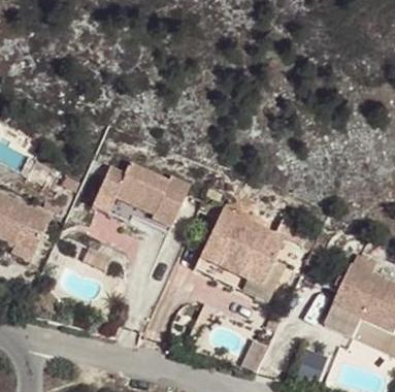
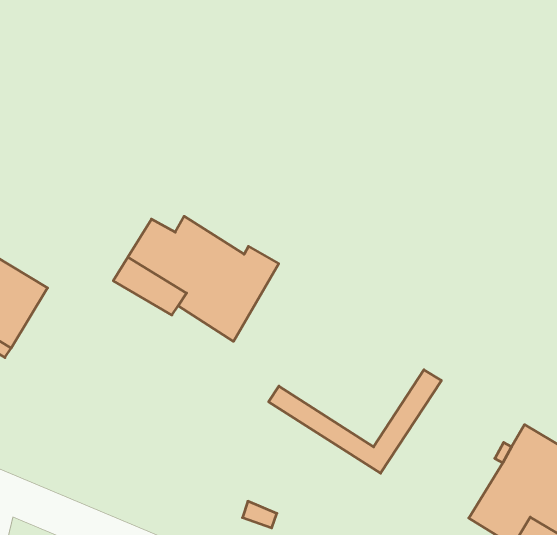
building: [199,206,286,287] -> none

